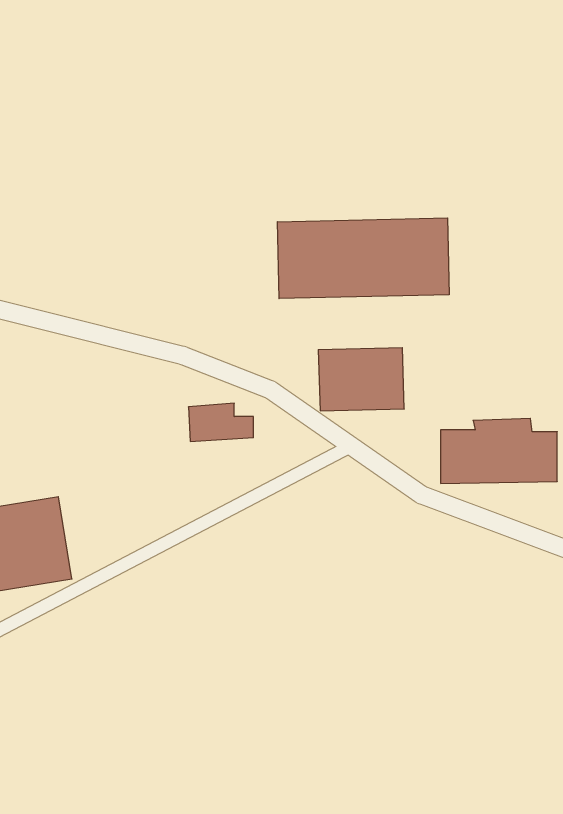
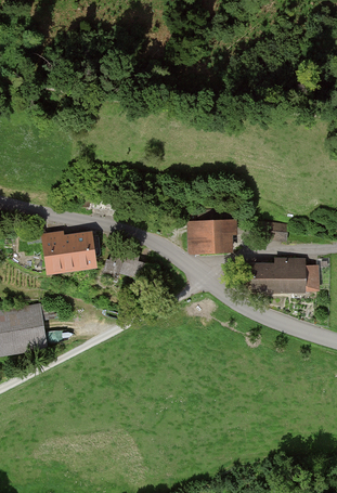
building: [277,218,449,299] -> none
building: none -> [43,231,96,277]

